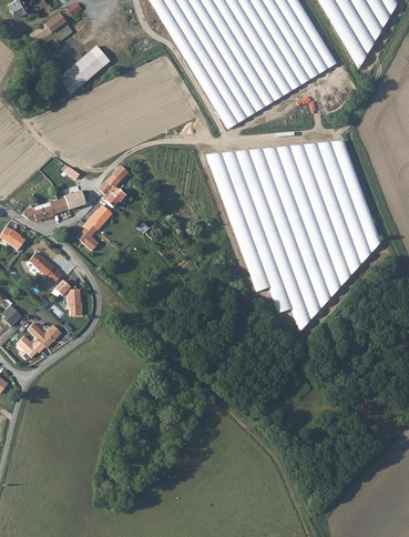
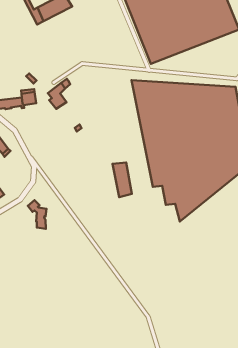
building: [74,205,110,250] -> none
building: none -> [113,162,132,197]
building: [54,278,83,314] -> [28,200,47,229]

